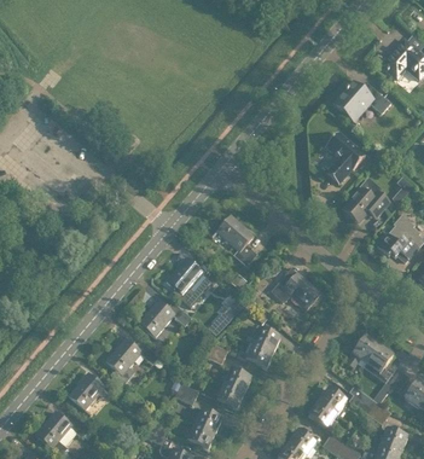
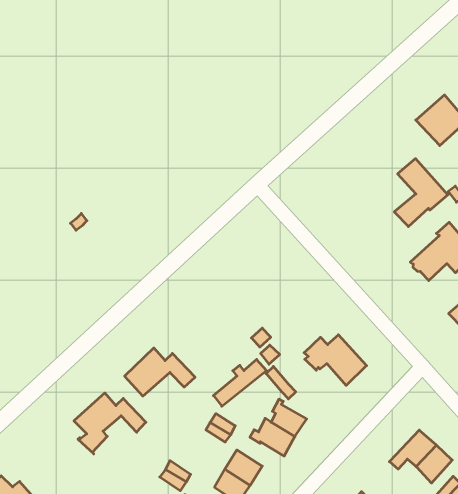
building: [215,215,256,266] -> none
building: [165,257,219,304] -> none
building: [68,372,115,411] -> none

